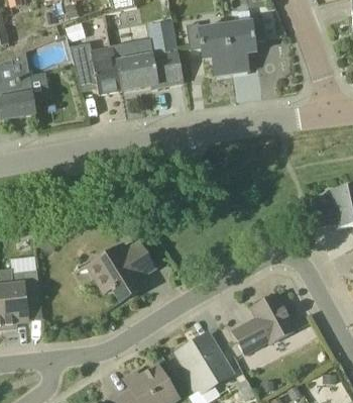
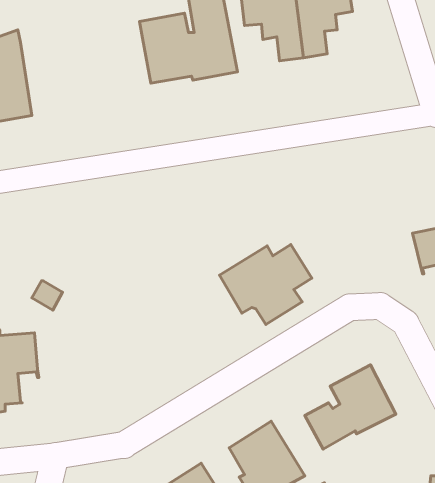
building: [69,41,121,94] -> none
building: [88,242,154,300] -> [220,244,312,324]

